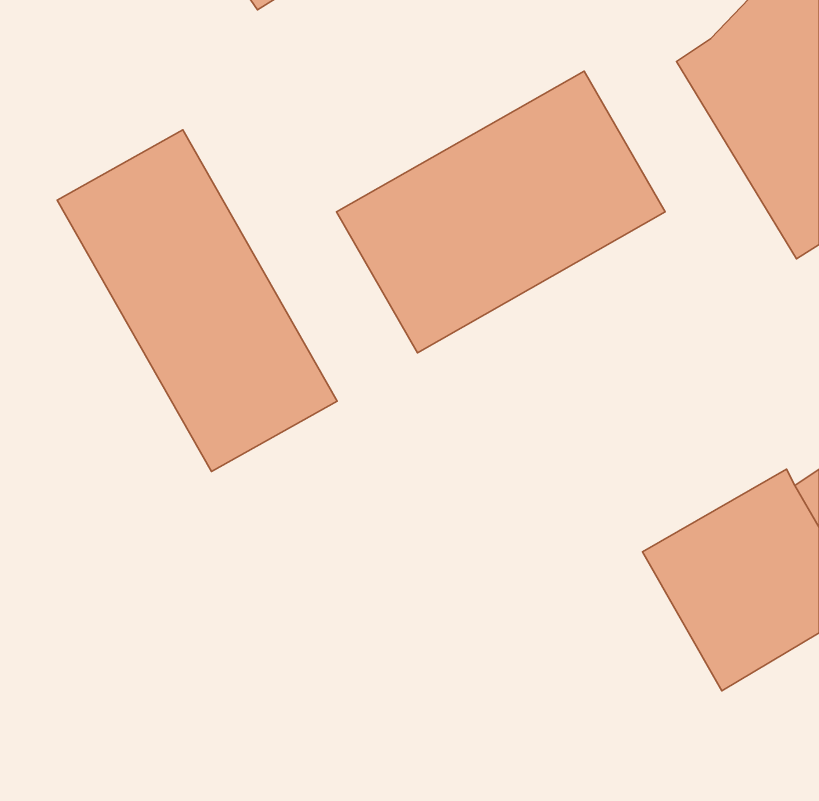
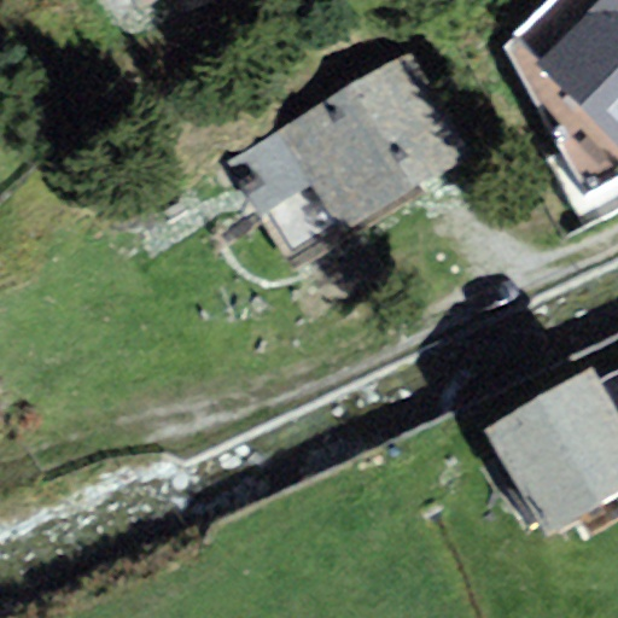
building: [57,130,337,472] -> none

